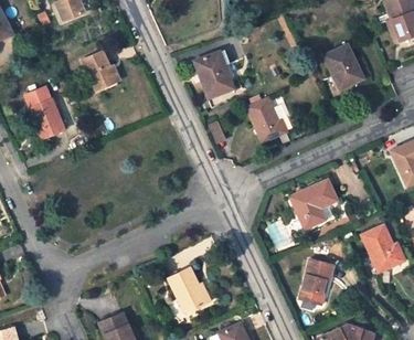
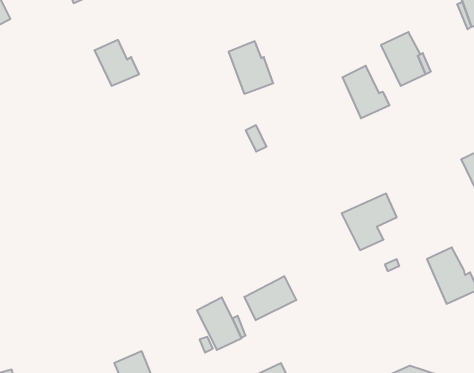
building: [25,87,65,138] -> none
building: [247,98,287,142] -> [342,66,390,118]
building: none -> [244,276,296,320]
building: [299,259,332,302] -> none

